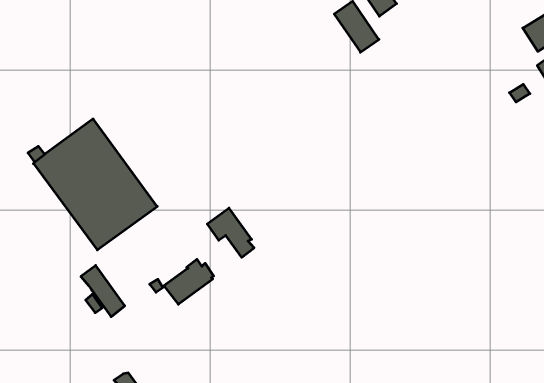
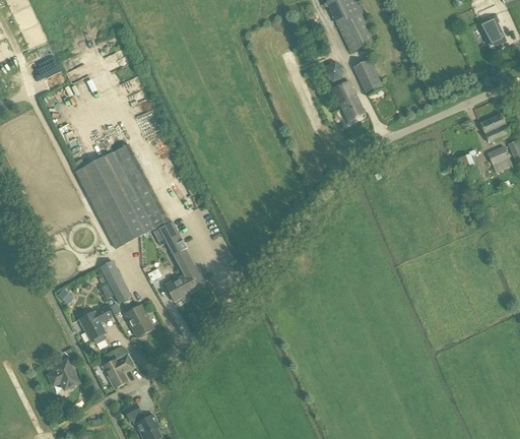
building: [207,208,254,257] -> [152,221,187,261]
building: none -> [124,305,152,336]
building: none -> [78,305,112,343]

